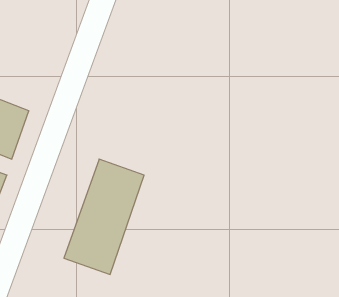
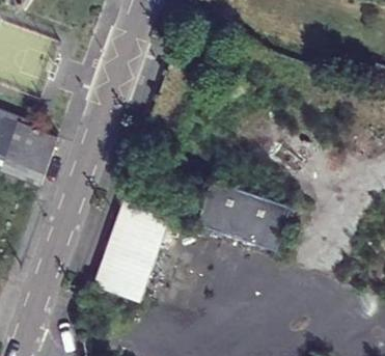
building: none -> [194,181,290,252]

